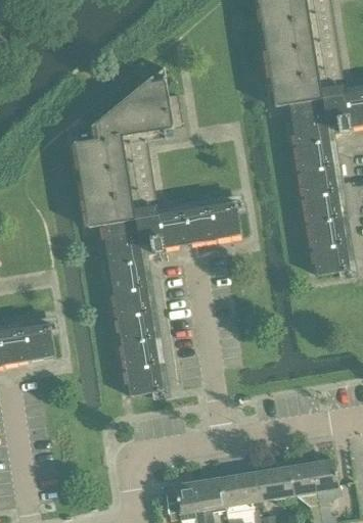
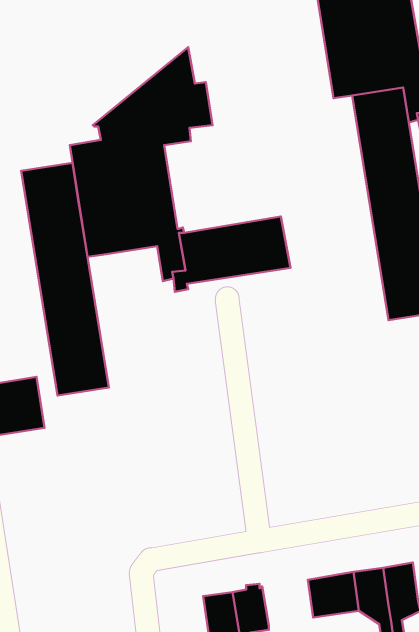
building: [100,219,167,395] -> [21,163,109,396]
building: [219,472,258,507] -> none

